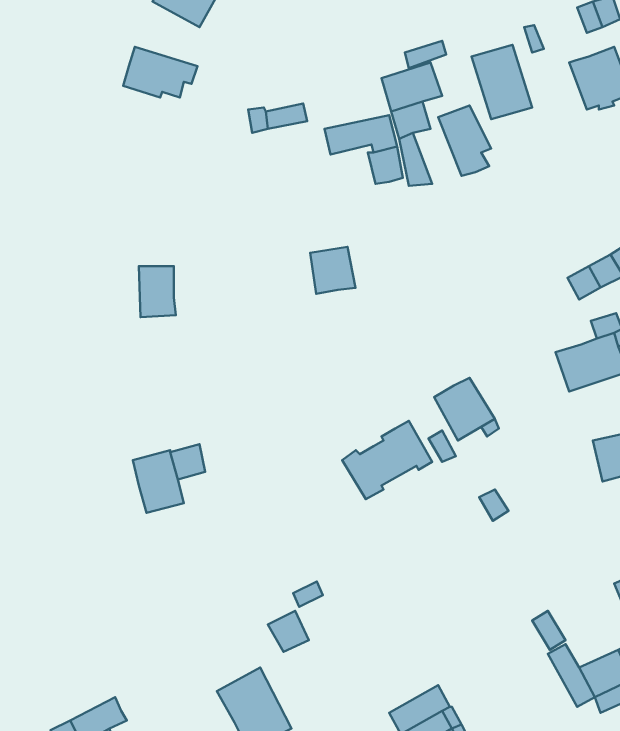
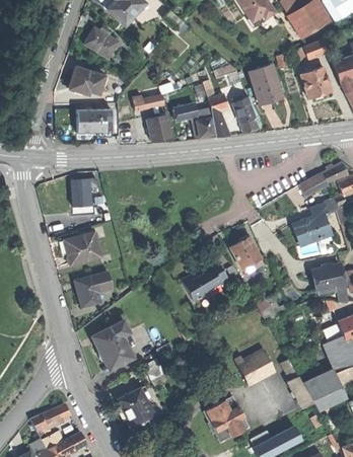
building: none -> [74,109,110,137]
building: [310,247,355,294] -> [147,116,170,140]
building: none -> [63,231,101,265]
building: none -> [92,320,132,369]
building: none -> [237,350,275,384]

